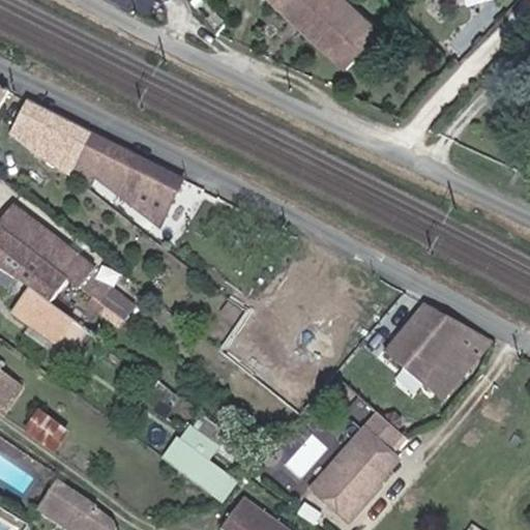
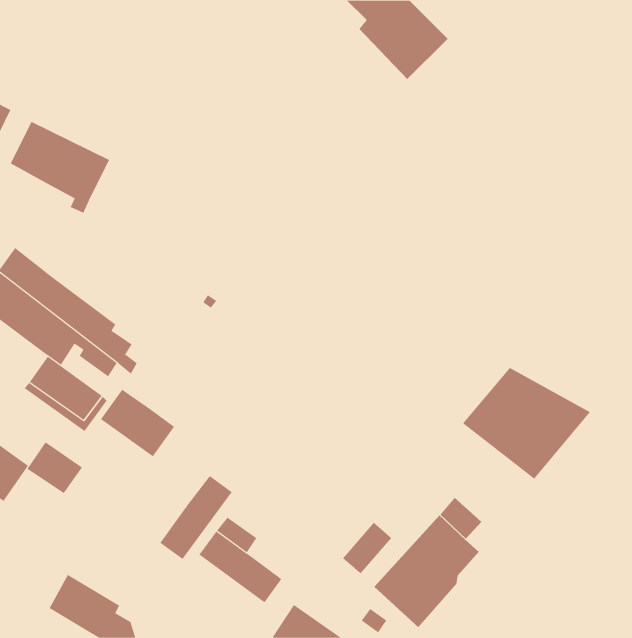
building: [76,132,185,228] -> none
building: none -> [100,389,175,457]
building: none -> [160,475,233,560]
building: [20,406,66,449] -> [27,441,83,494]

